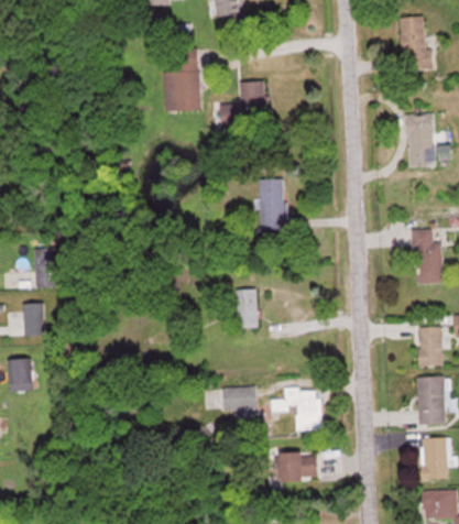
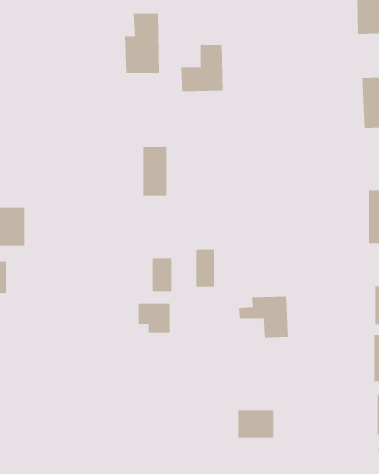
building: [259,178,284,229] -> [142,147,167,196]
building: none -> [152,257,172,292]
building: [221,389,254,419] -> [138,303,170,333]
building: [269,389,320,432] -> [238,296,289,338]

